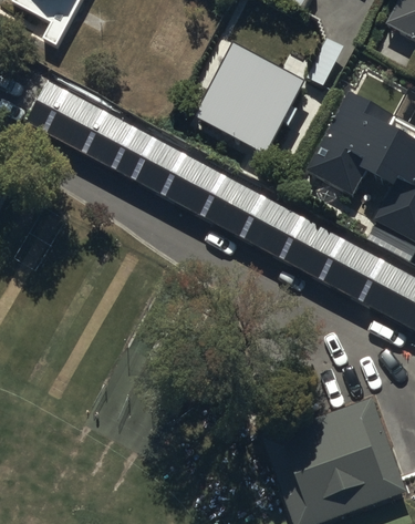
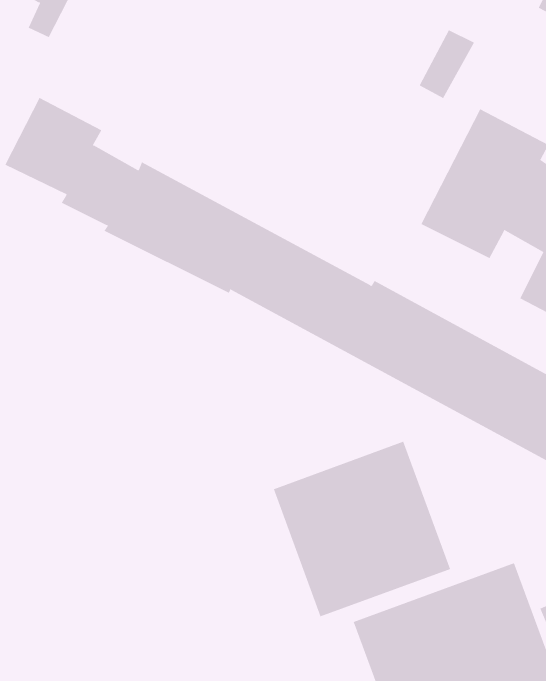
building: [206,51,299,146] -> none
building: none -> [273,441,451,617]

